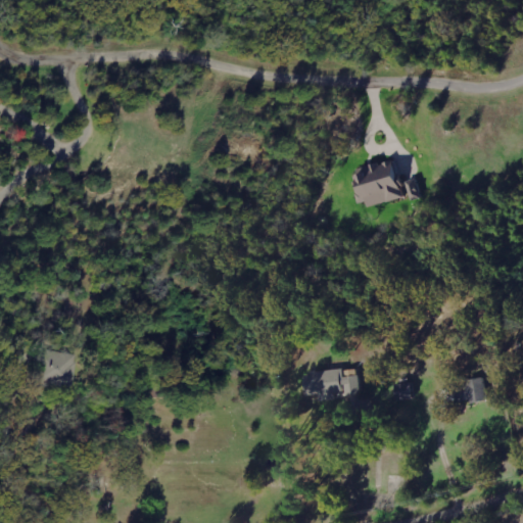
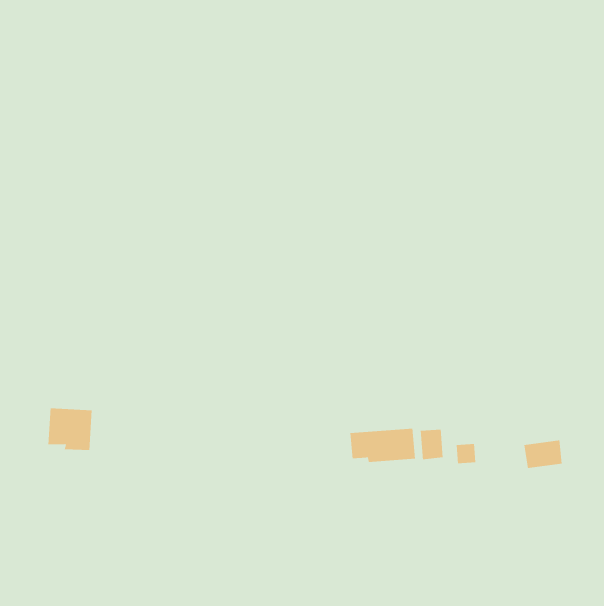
building: [352,159,421,207] -> none
building: none -> [420,429,443,460]

